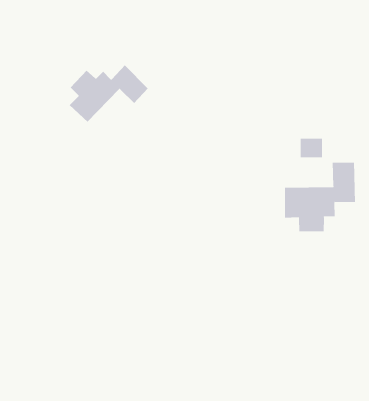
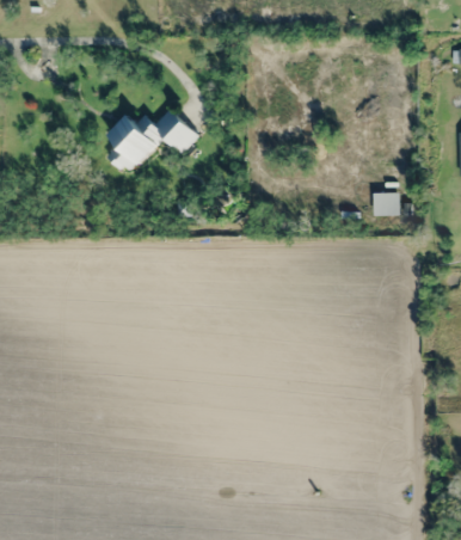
building: [285,162,356,232] -> none

